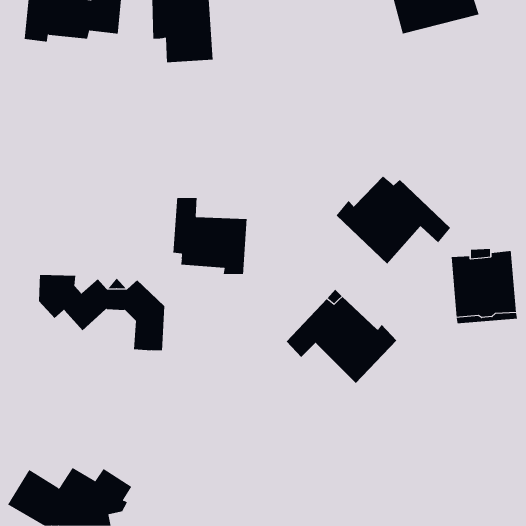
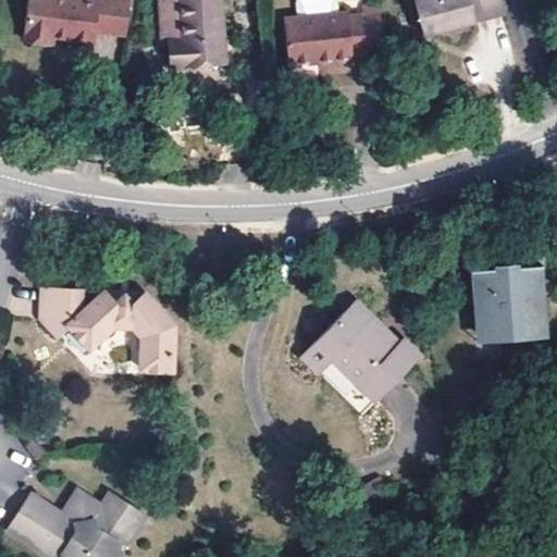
building: none -> [283,7,383,66]
building: [336,175,451,264] -> none
building: [173,197,247,275] -> none

